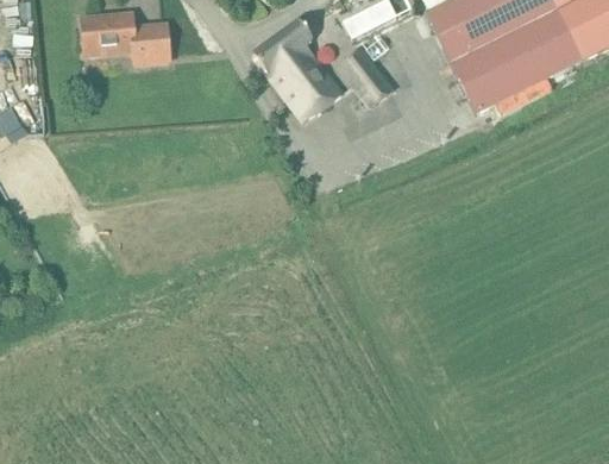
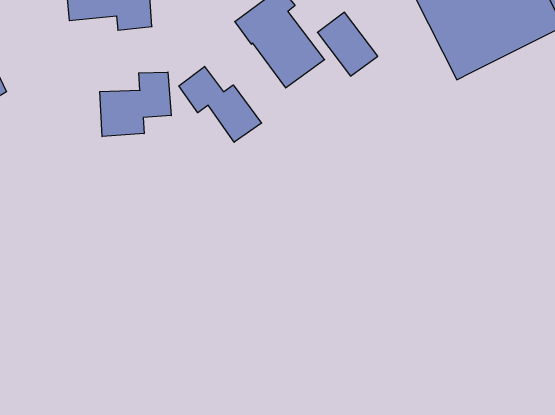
building: none -> [179,66,262,142]
building: none -> [100,72,171,137]

